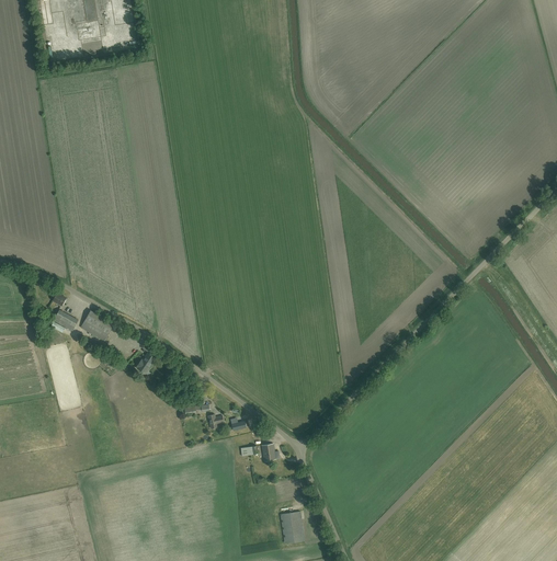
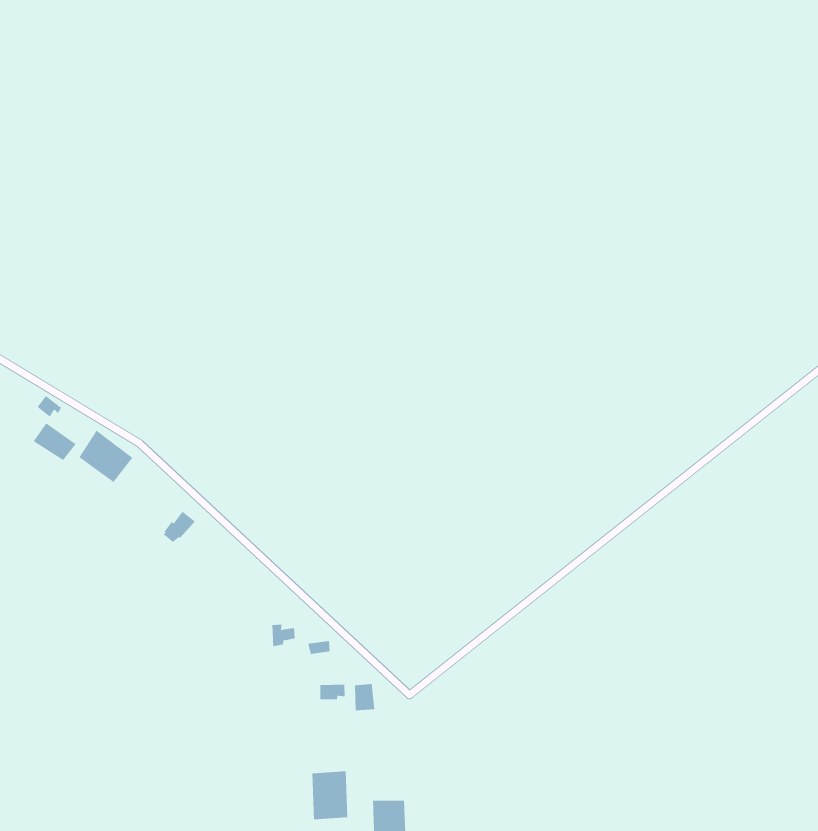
building: none -> [312,770,348,820]

